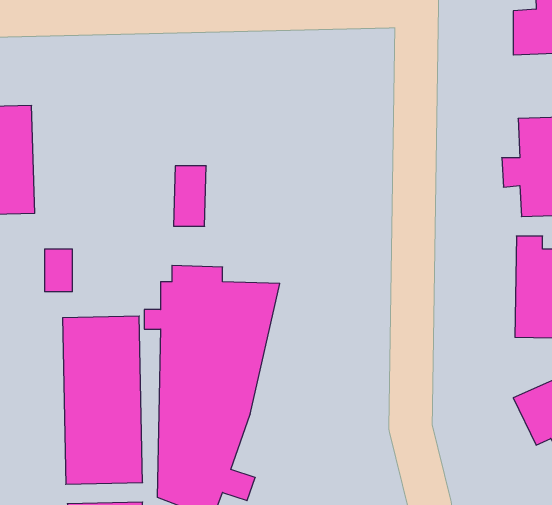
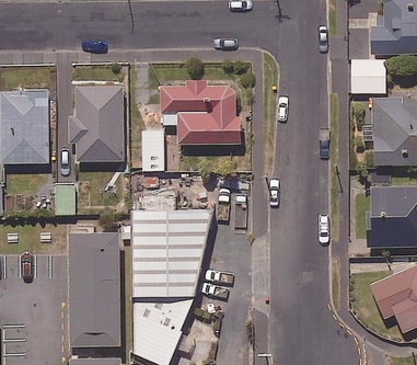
building: none -> [350,60,384,94]
building: none -> [160,79,241,145]
building: none -> [67,87,123,161]

